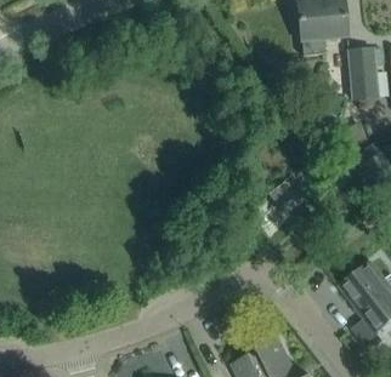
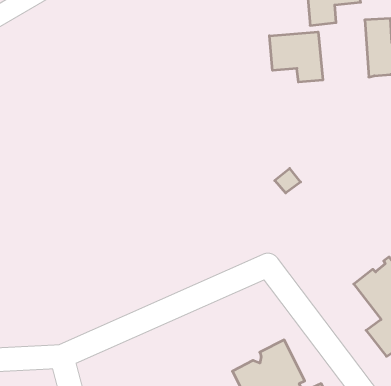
building: none -> [269,32,323,82]

